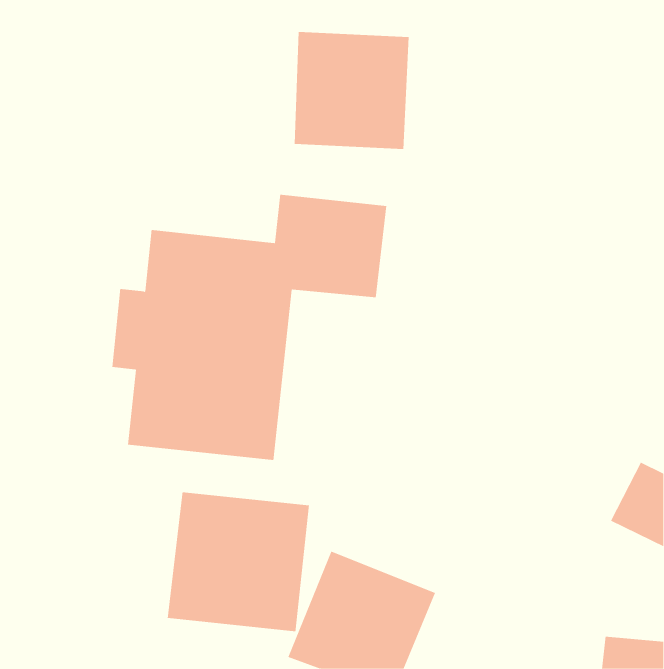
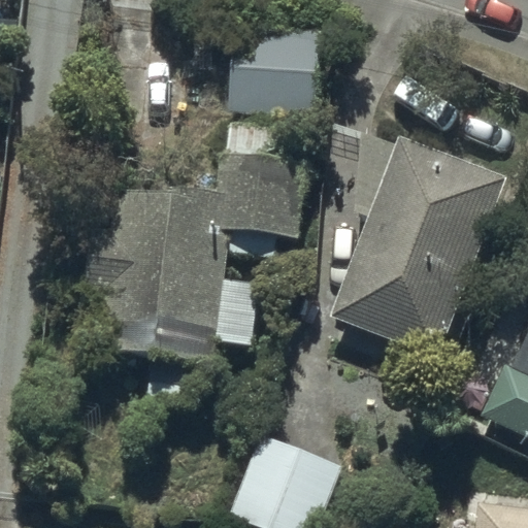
building: none -> [330,137,506,356]
building: [167,491,309,632] -> none

